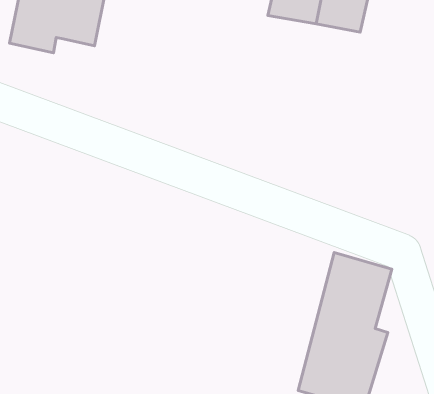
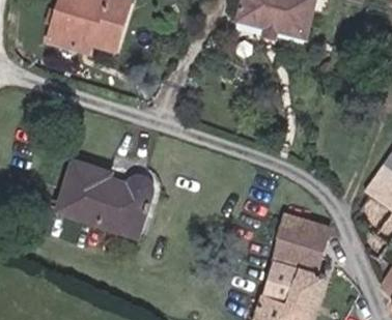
building: none -> [56,162,147,232]

